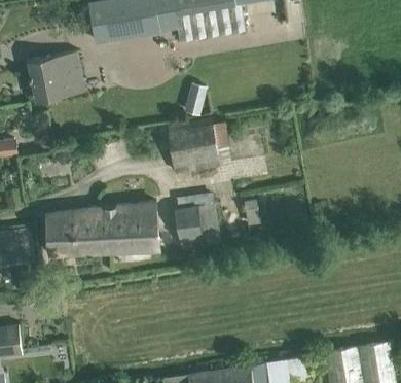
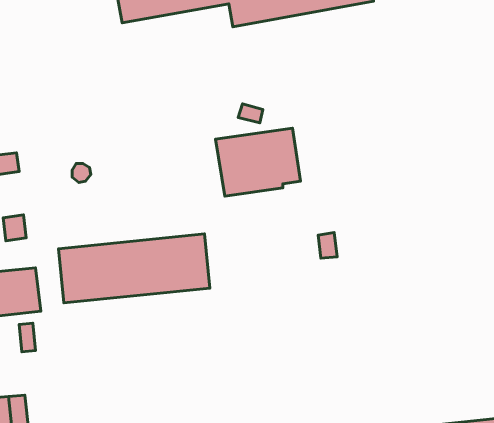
building: [26,51,85,102] -> none
building: [172,197,220,249] -> none

